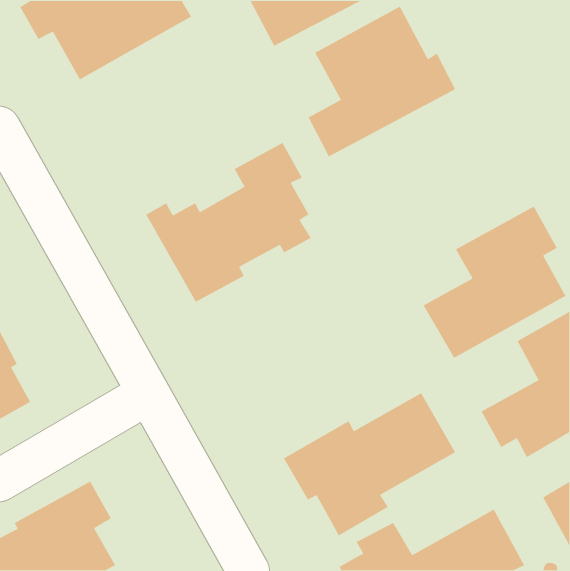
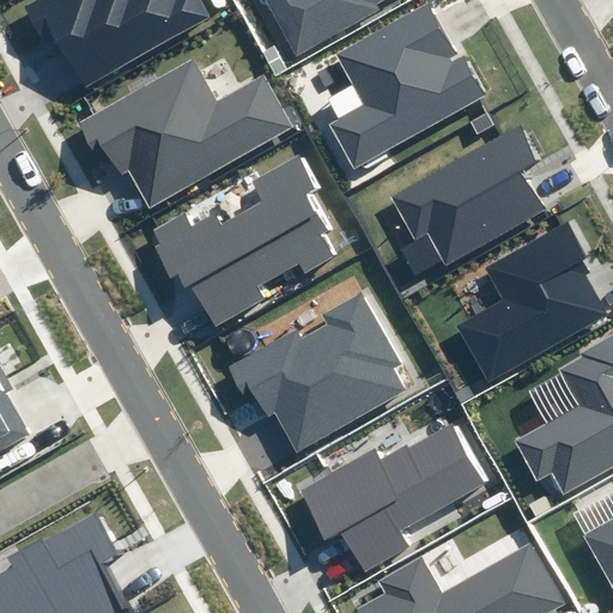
building: none -> [74,55,290,207]
building: none -> [392,126,545,262]
building: none -> [233,295,403,453]

